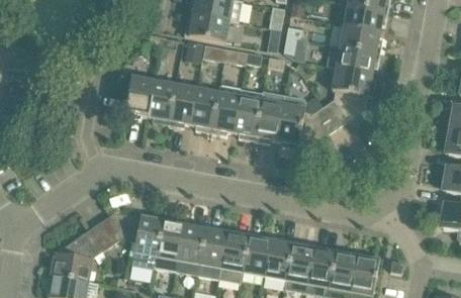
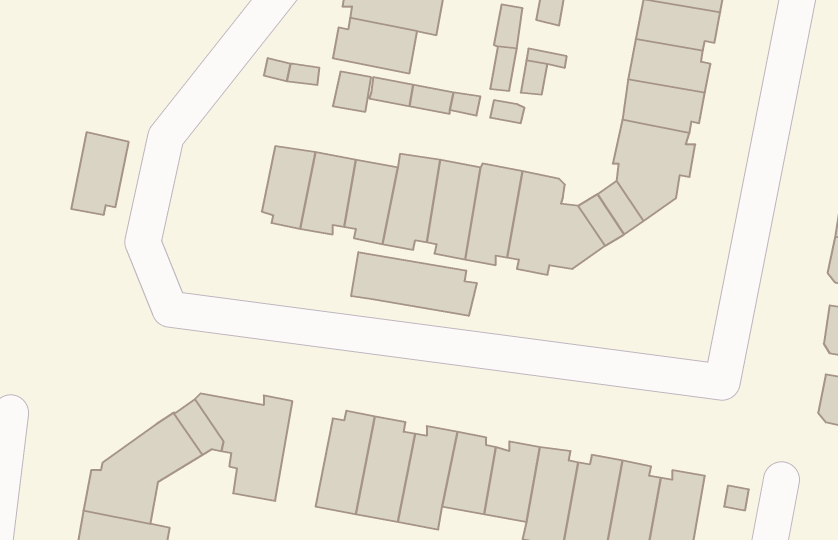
building: [123,76,154,119] -> [71,132,129,215]
building: none -> [351,252,477,316]
building: [154,215,184,271] -> none

